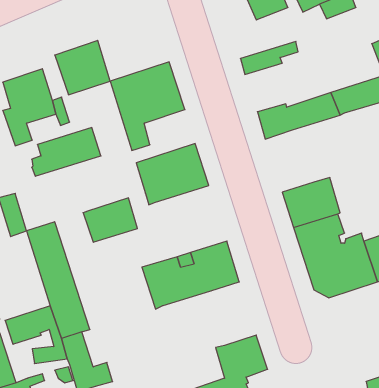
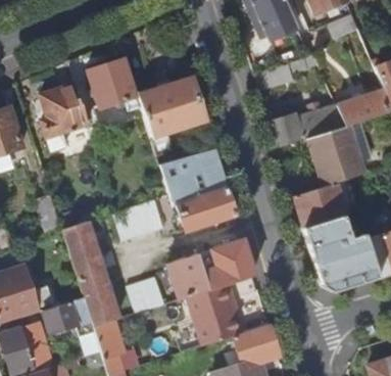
building: none -> [302,123,363,185]
building: [32,128,101,176] -> [173,188,235,232]
building: none -> [127,276,163,313]
building: none -> [185,283,241,344]

